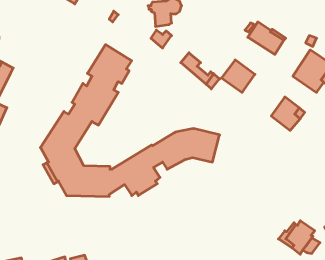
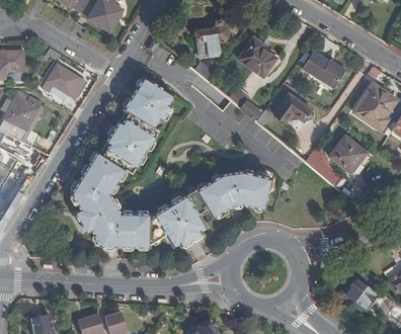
building: none -> [239,37,278,75]
building: none -> [43,63,86,98]
building: none -> [305,144,342,185]

